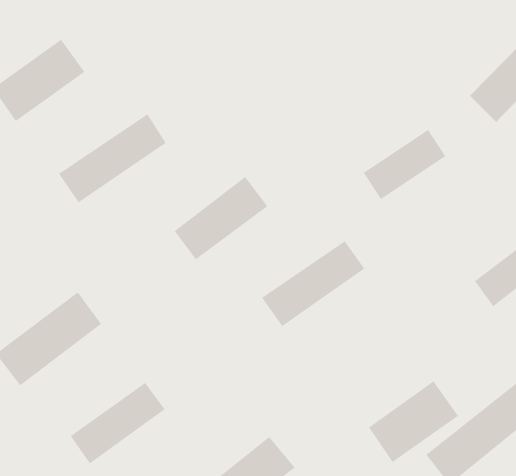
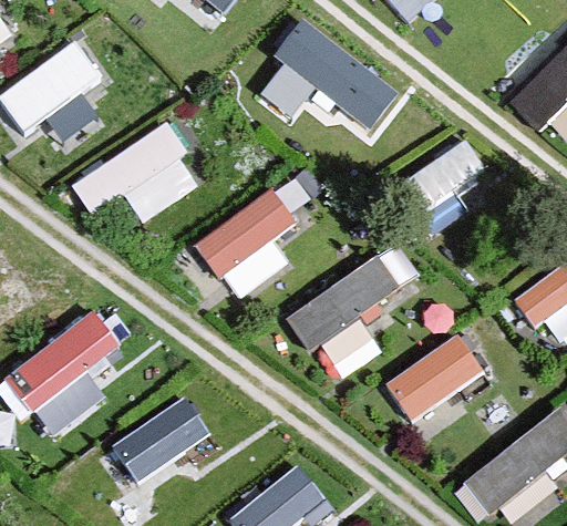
building: none -> [274,18,396,130]
building: [368,381,459,463] -> [386,334,483,422]

